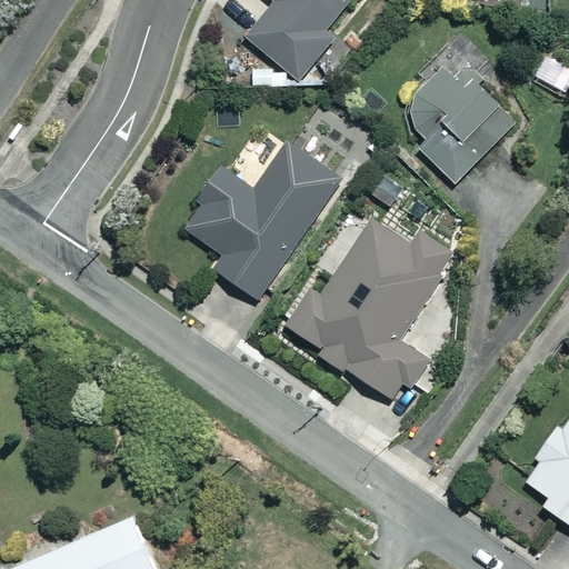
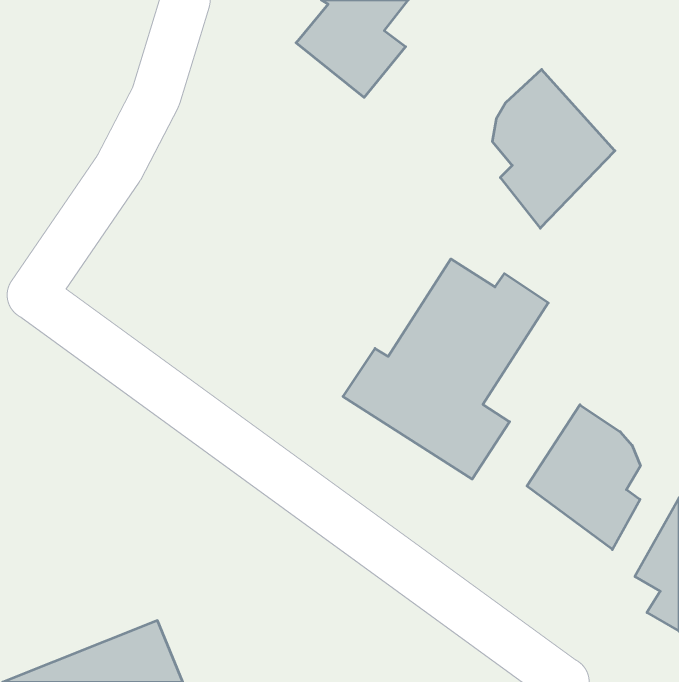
building: [179,141,338,299] -> none
building: none -> [527,405,640,550]

